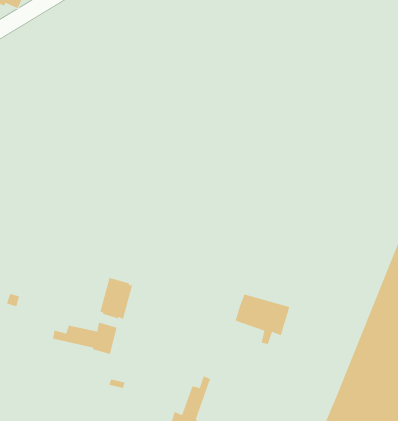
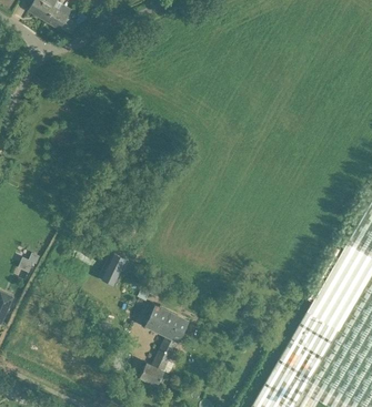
building: [235,294,290,344] -> [145,305,190,347]
building: [53,322,117,355] -> none

